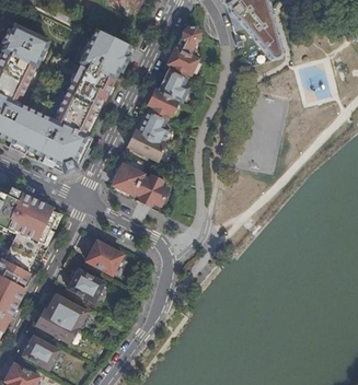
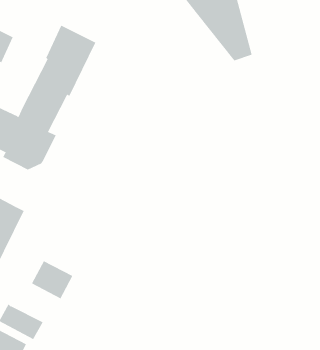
building: [125,27,203,164] -> none
building: [109,163,171,211] -> none
building: [84,234,125,272] -> none
building: [45,288,90,324] -> none

